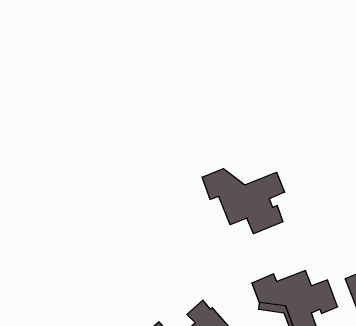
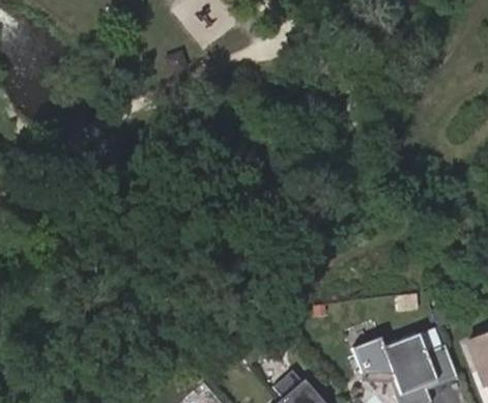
building: [202,169,285,234] -> none

